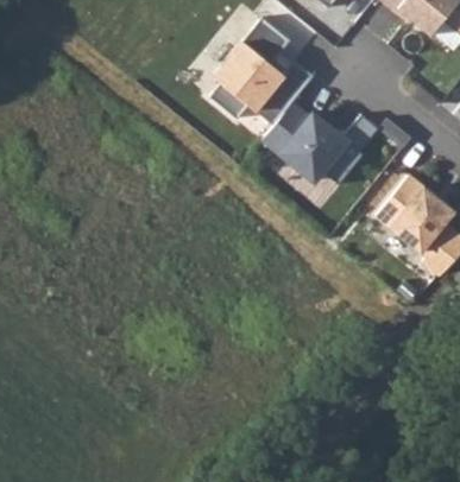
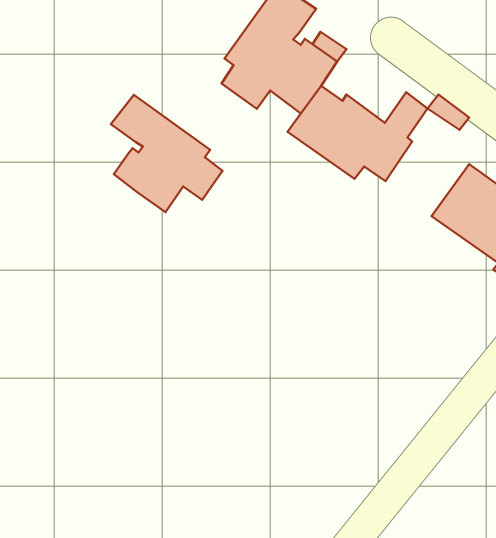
building: none -> [111,95,223,212]

